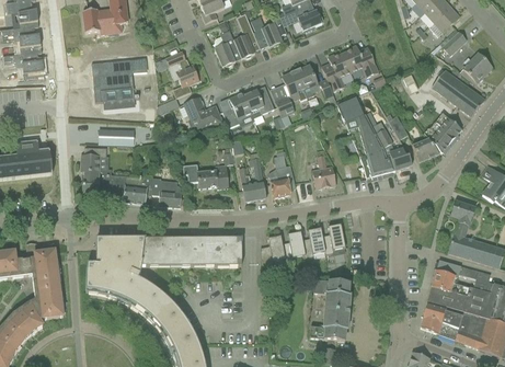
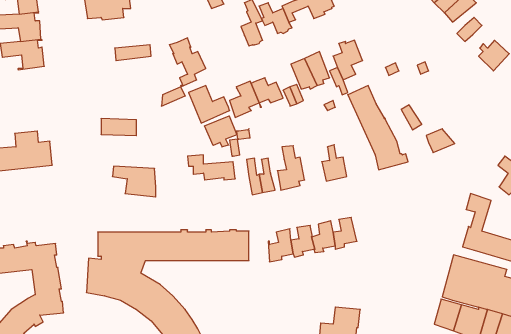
building: [215,30,238,66] -> none
building: [344,44,379,77] -> none
building: [432,69,485,116] -> none
building: [94,72,133,102] -> none
building: [424,113,462,152] -> none
building: [372,122,412,170] -> none
building: none -> [204,116,237,147]
building: [82,147,107,193] -> none
building: [151,176,182,207] -> none
building: [313,279,351,312] -> none

